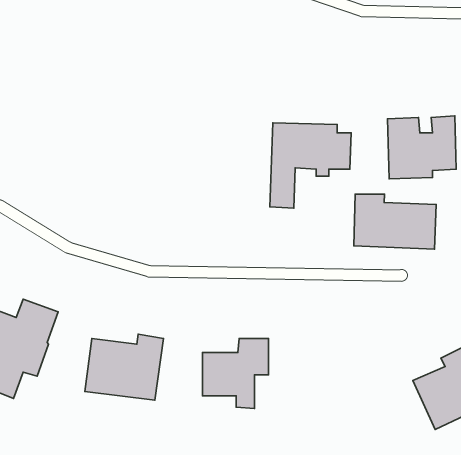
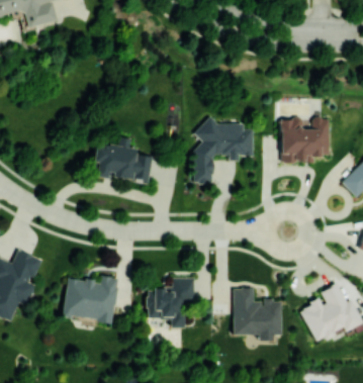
building: none -> [91,142,152,182]
building: [354,194,436,249] -> none
building: none -> [232,288,282,340]

